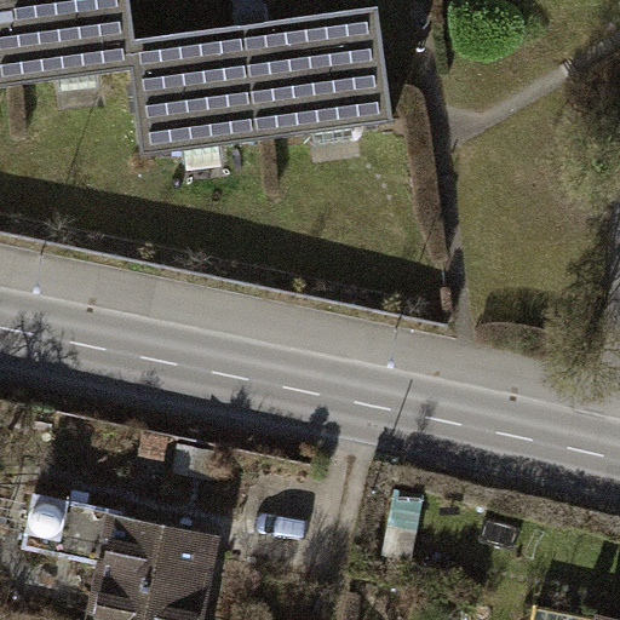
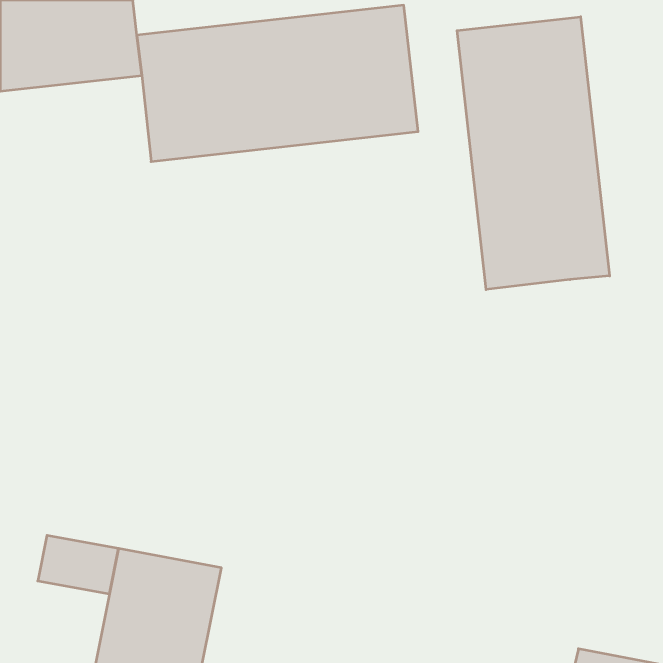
building: none -> [457,17,610,290]

